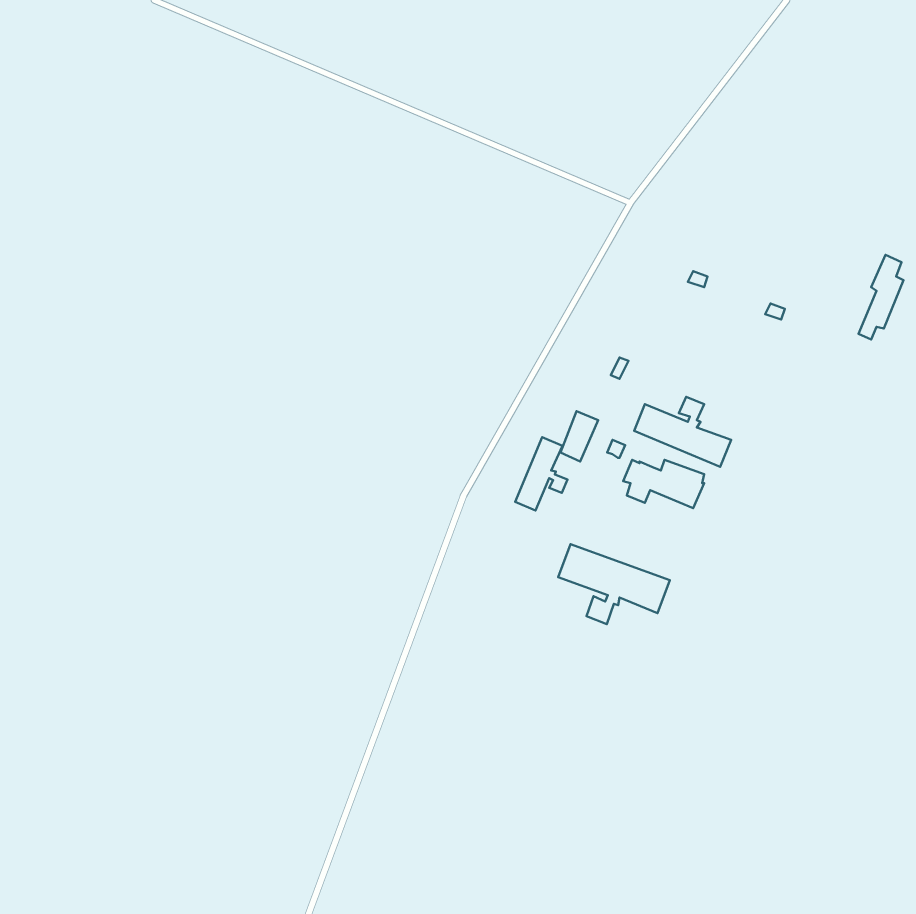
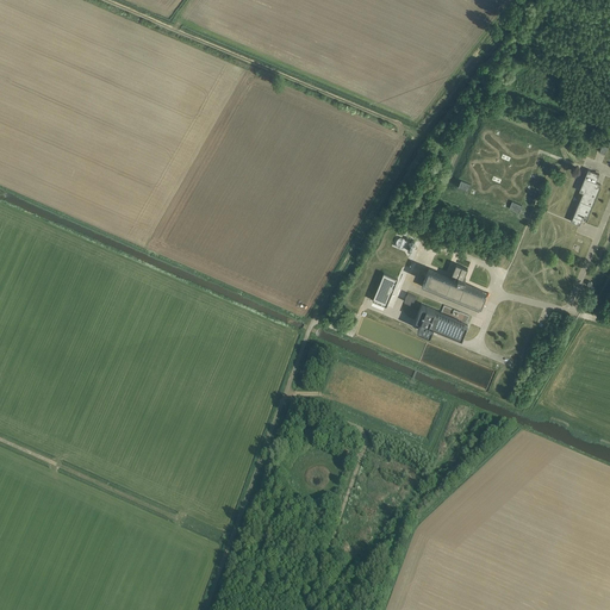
building: [515,437,568,511] -> none
building: [558,544,670,624] -> none

